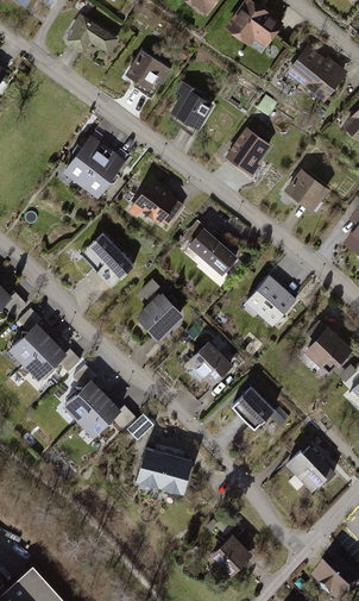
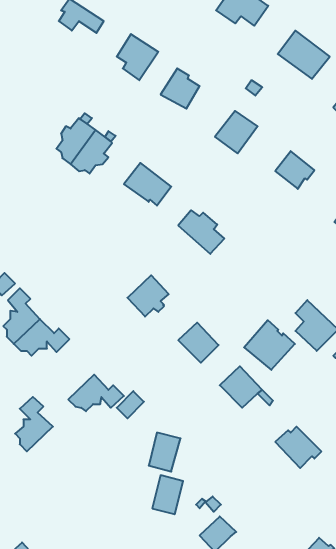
building: [89,233,133,288] -> none
building: [244,275,295,325] -> [244,320,295,370]
building: [67,365,105,420] -> [15,397,53,451]
building: [137,447,168,487] -> [152,475,183,514]

